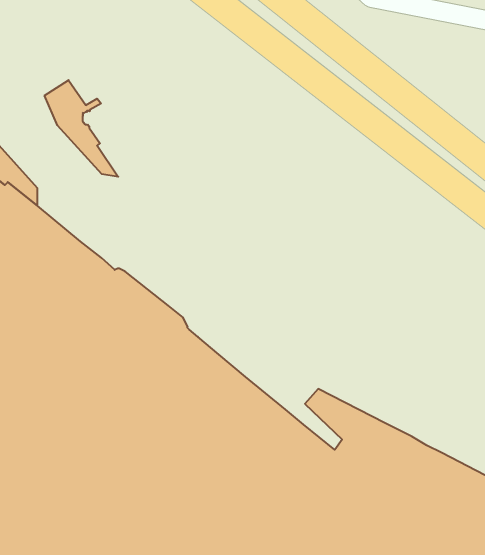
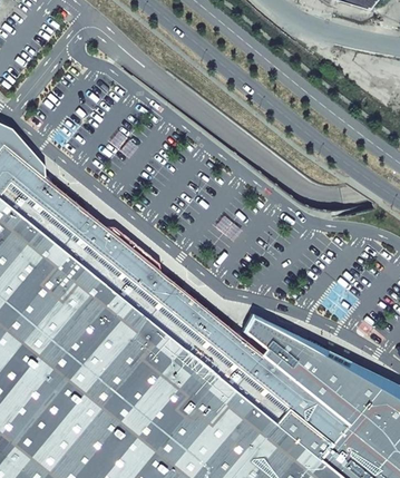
building: [45,80,118,177] -> none

